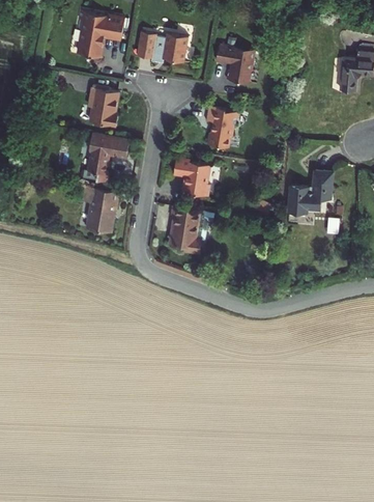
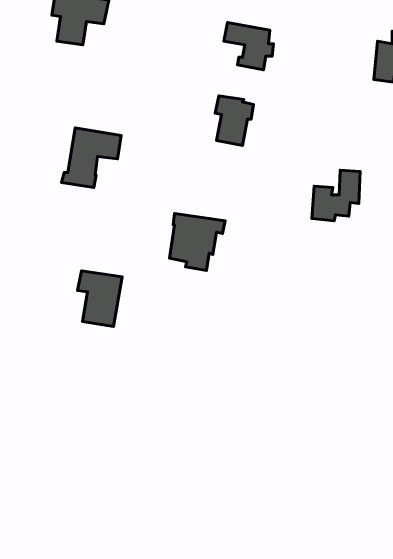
building: [136,33,185,64] -> none
building: [90,86,120,127] -> none
building: [175,158,212,195] -> none
building: [83,188,120,234] -> [78,271,122,327]

